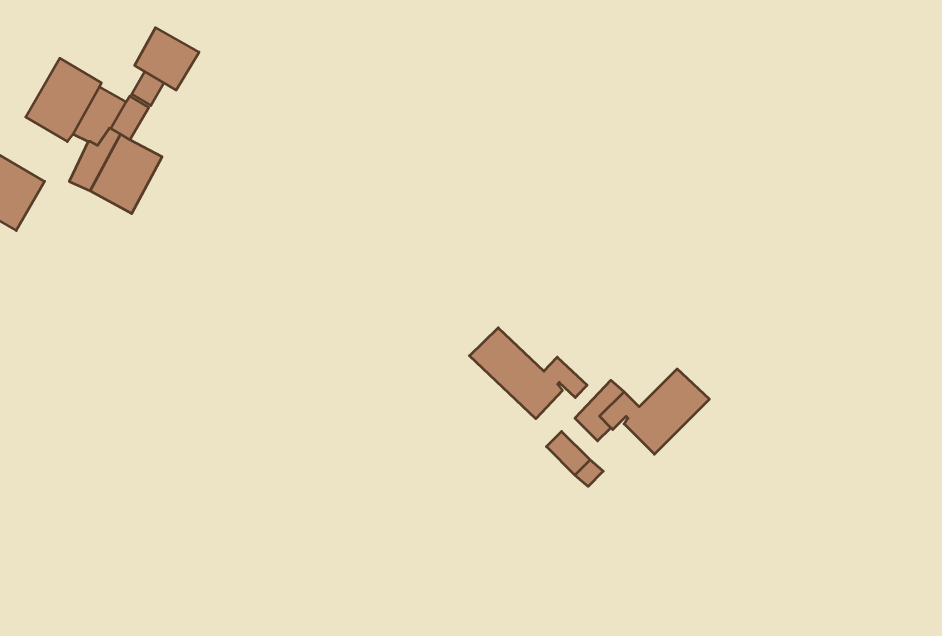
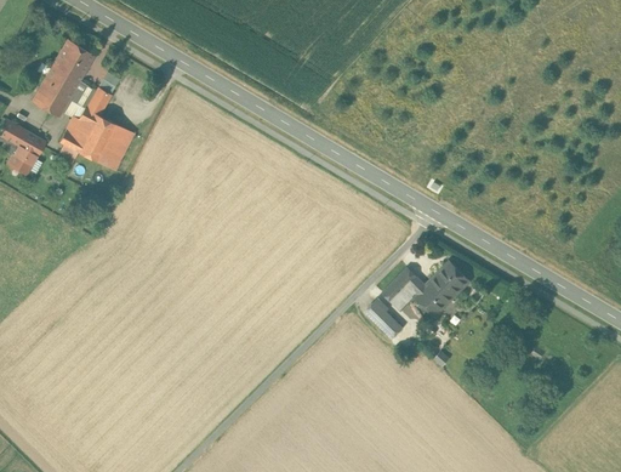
building: [135,28,199,90] -> [53,39,95,79]
building: none -> [99,126,133,171]
building: [469,328,587,419] -> none

